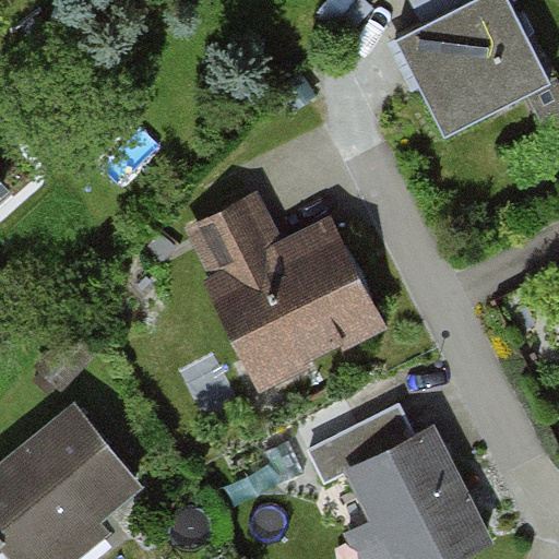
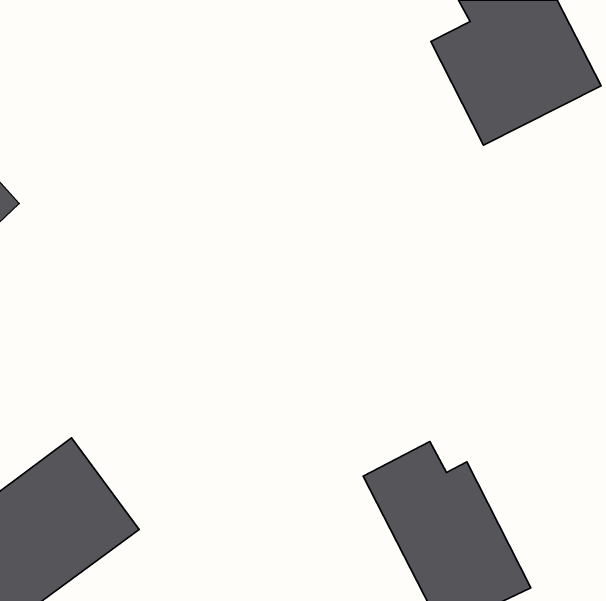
building: [187,197,392,382] -> none

